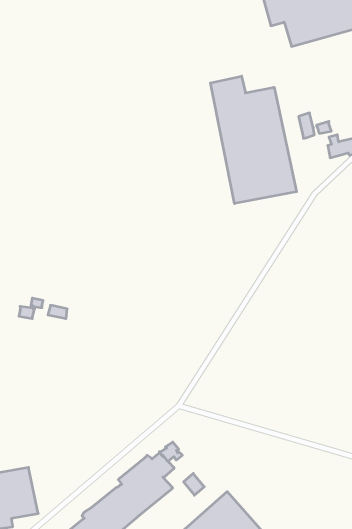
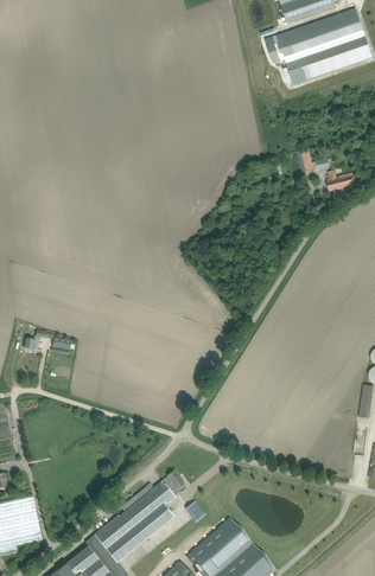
building: [210,76,297,204] -> none

